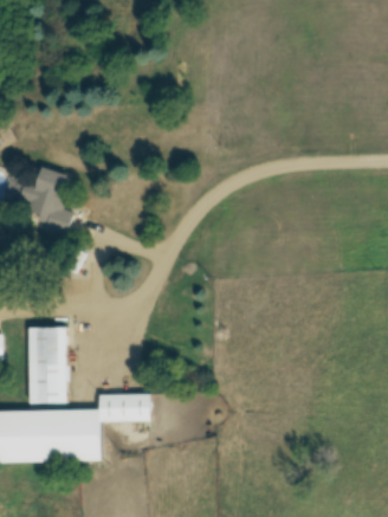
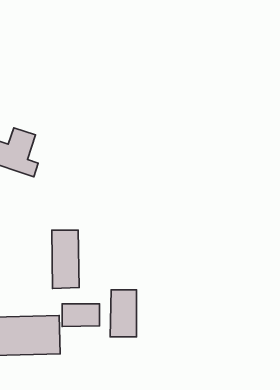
building: [30,327,65,402] -> [52,230,79,289]
building: none -> [110,290,137,337]

